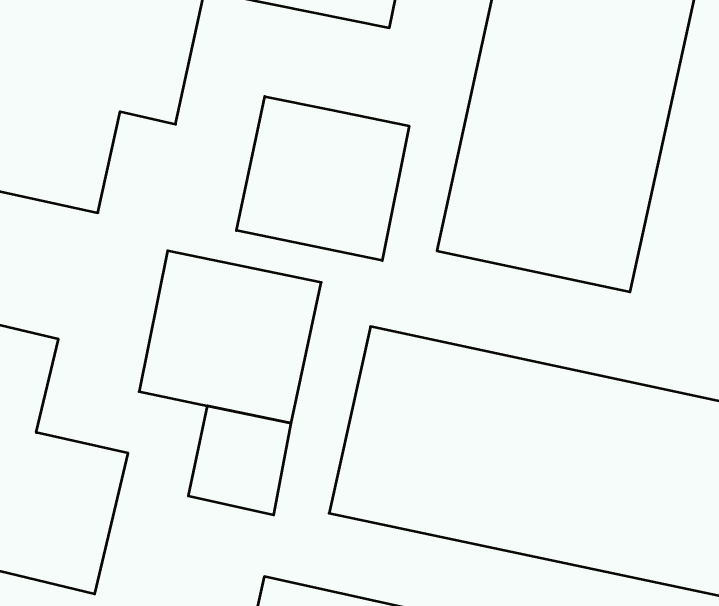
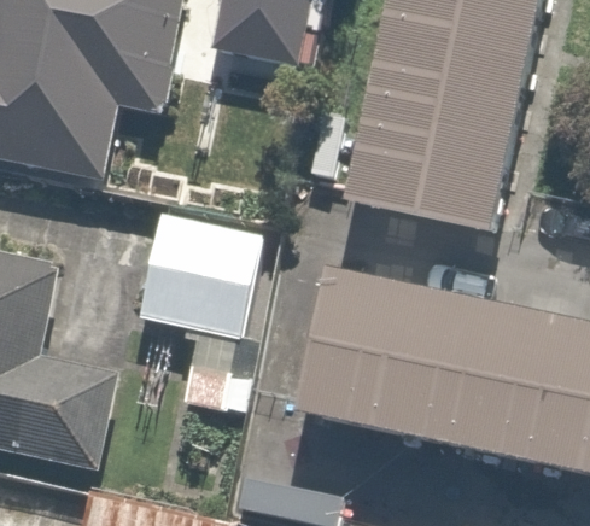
building: [236,96,409,261] -> none

